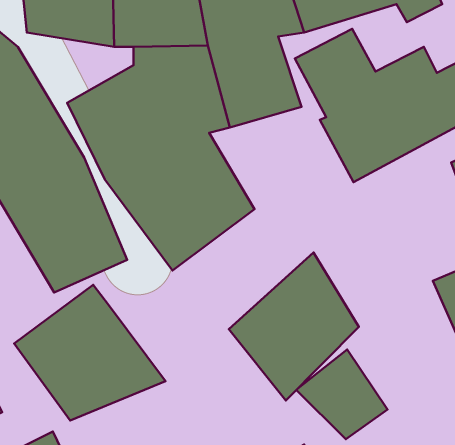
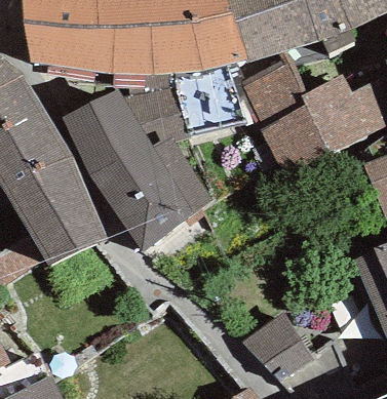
building: [229,253,359,400] -> none
building: [14,285,165,420] -> none

